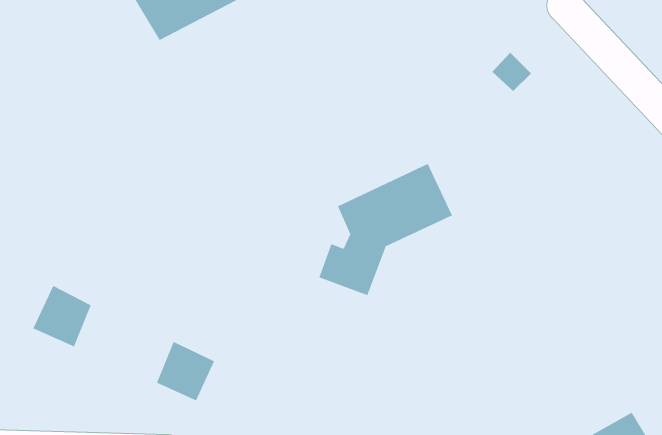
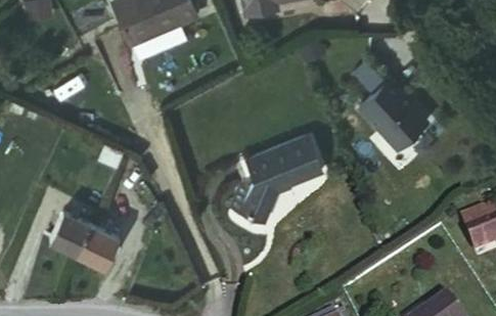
building: none -> [359,78,426,148]
building: [156,341,215,401] -> [77,226,116,266]

